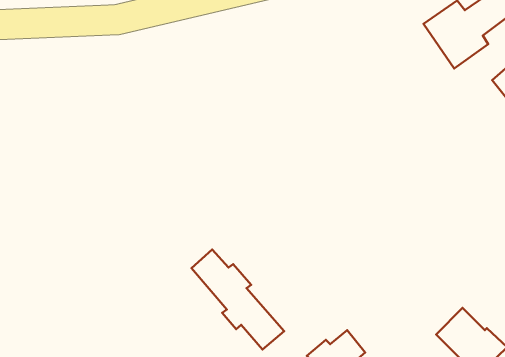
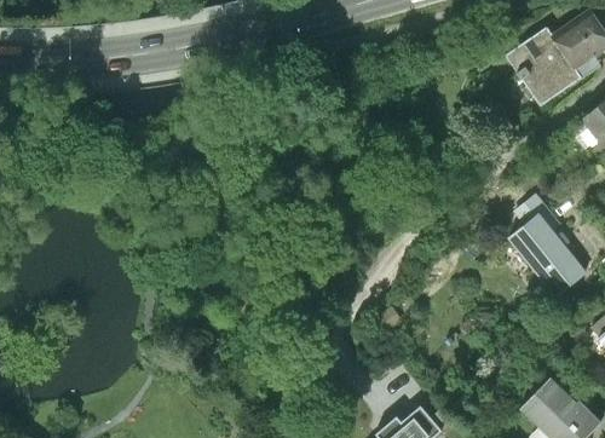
building: none -> [511,215,584,295]
building: [192,249,284,350] -> none

